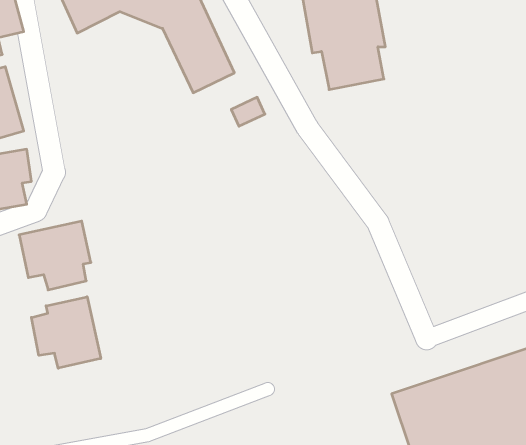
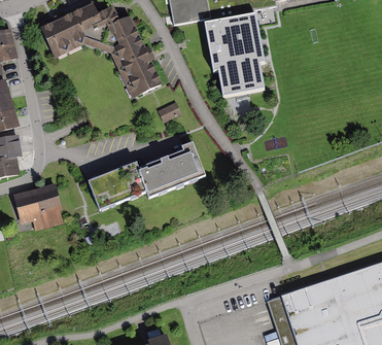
building: none -> [88,140,206,210]
building: [31,297,101,368] -> none

